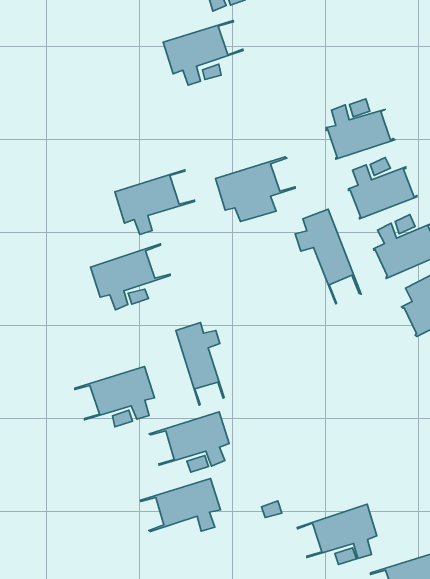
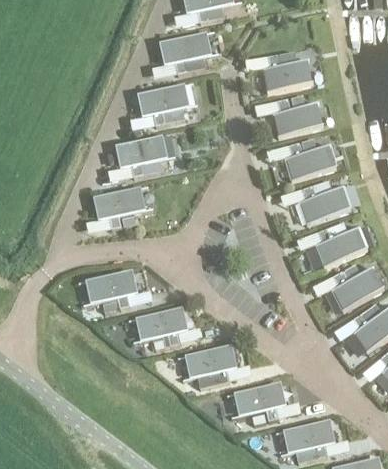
building: none -> [263,53,310,90]
building: [215,157,295,221] -> [141,81,197,124]
building: [295,209,361,304] -> none
building: [176,323,224,405] -> none
building: [141,478,220,532] -> [178,345,234,382]

